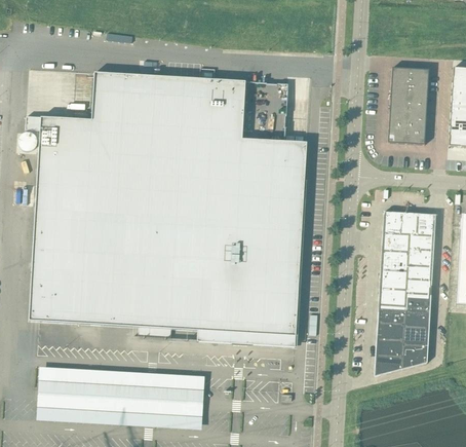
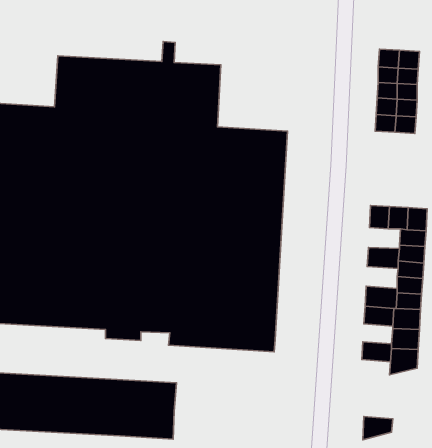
building: [382,231,412,251] -> none
building: [380,267,410,288] -> none
building: [377,321,404,339] -> none
building: [375,353,402,375] -> [363,417,393,440]

